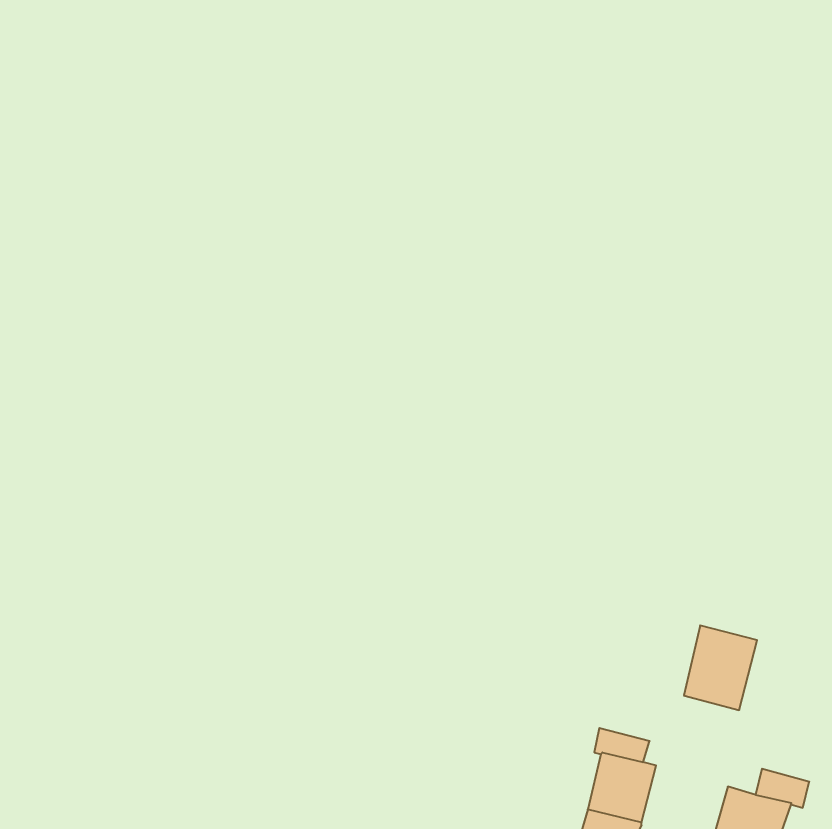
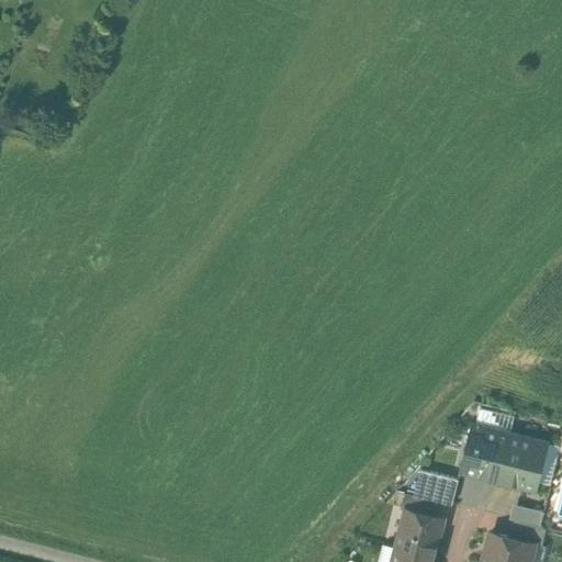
building: none -> [498,434,548,490]
building: none -> [415,468,460,501]

